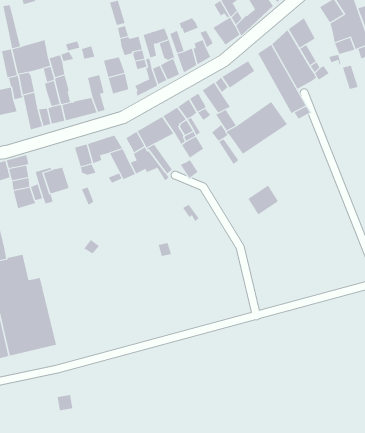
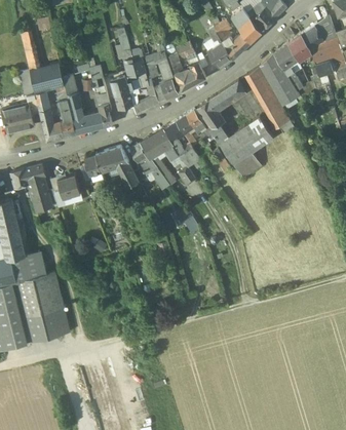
building: none -> [287,34,312,62]
building: [247,185,279,215] -> [233,152,261,179]

